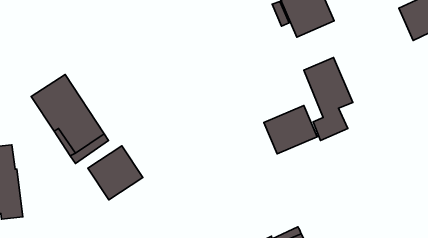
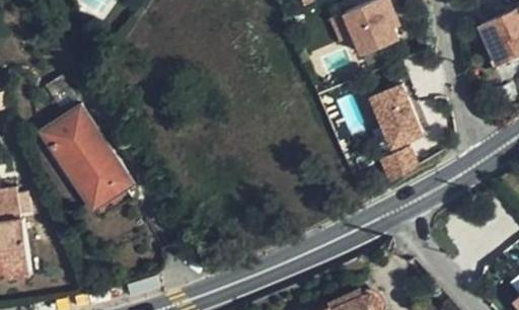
building: [264,106,317,154] -> none
building: [88,146,143,200] -> none

